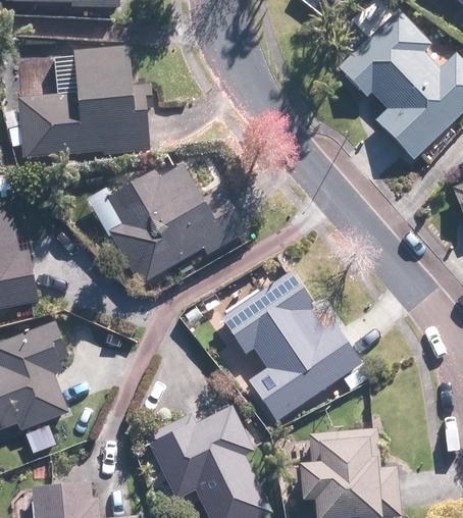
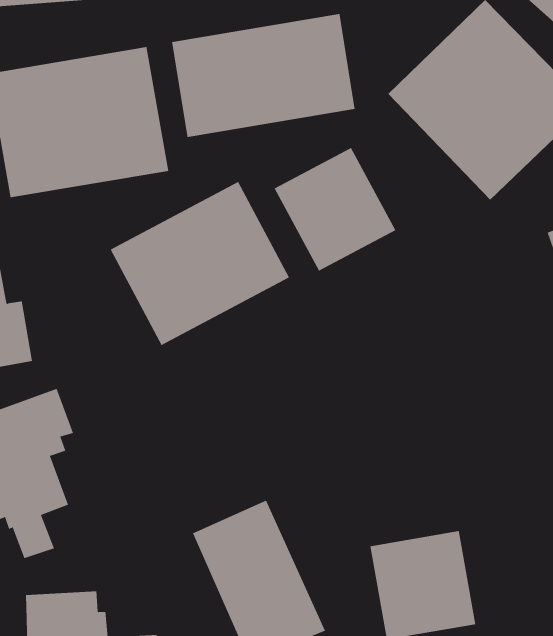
building: none -> [172,13,355,138]
building: none -> [274,147,396,272]
building: [217,274,355,417] -> none

